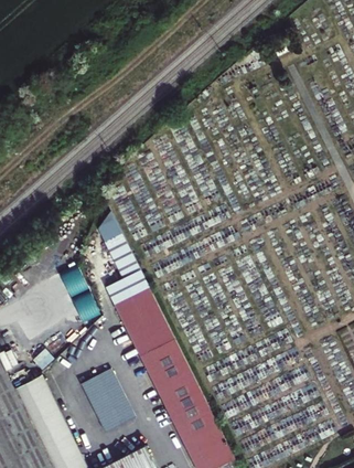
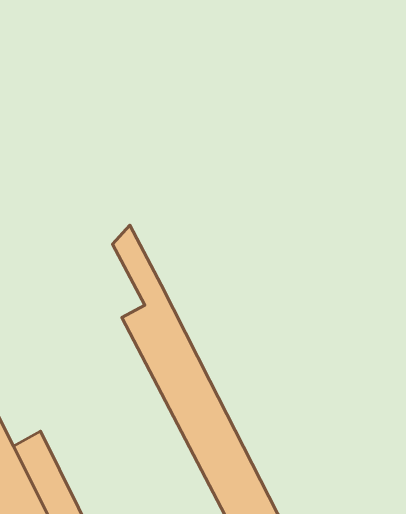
building: [82,370,137,434] -> none

